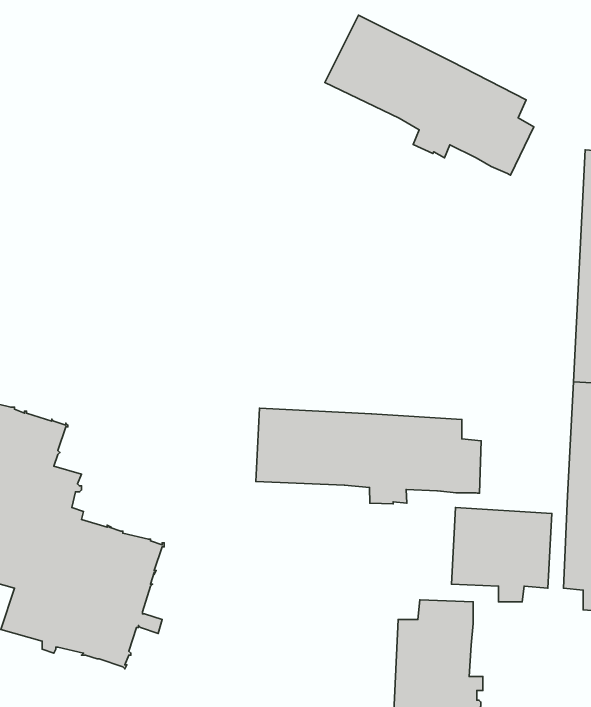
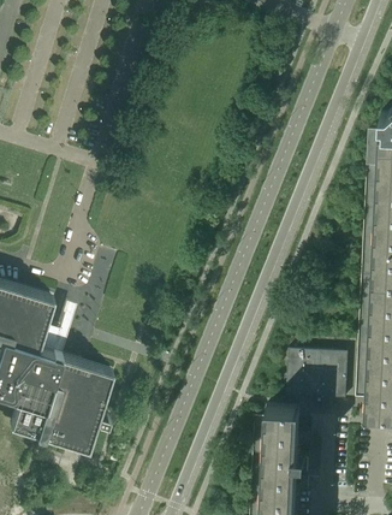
building: [325,15,534,175] -> none
building: [256,408,481,504] -> none

